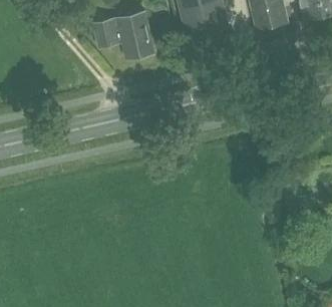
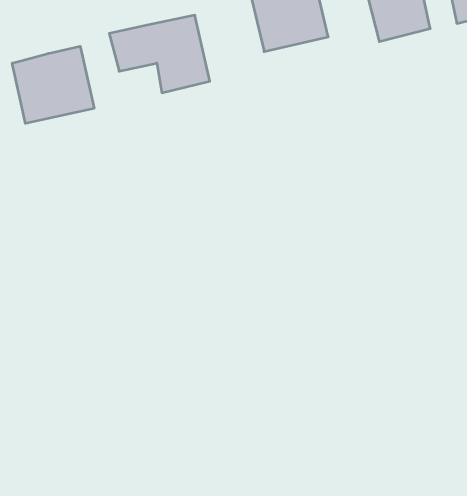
building: none -> [12,46,94,123]

